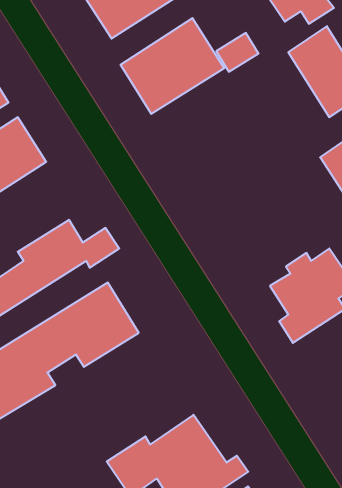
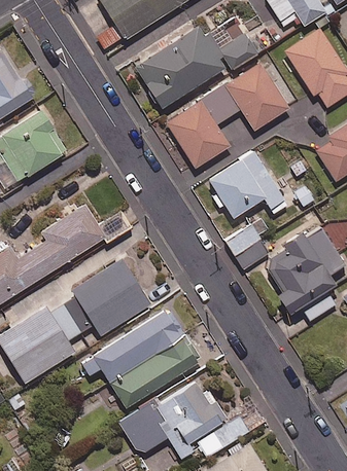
building: none -> [167,63,289,168]
building: none -> [207,150,287,218]
building: none -> [229,227,269,268]
building: none -> [81,309,202,407]

